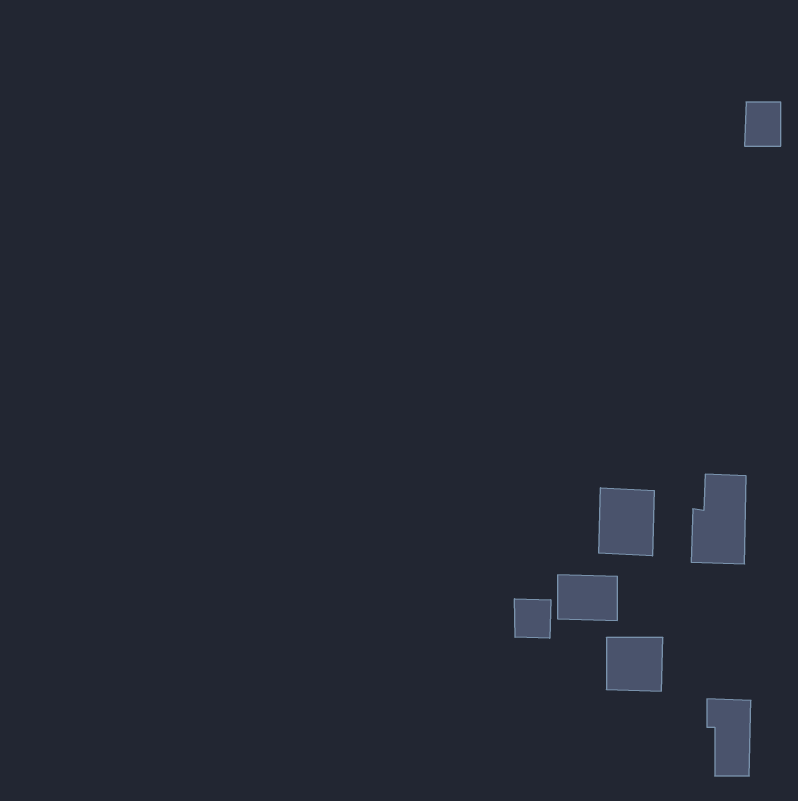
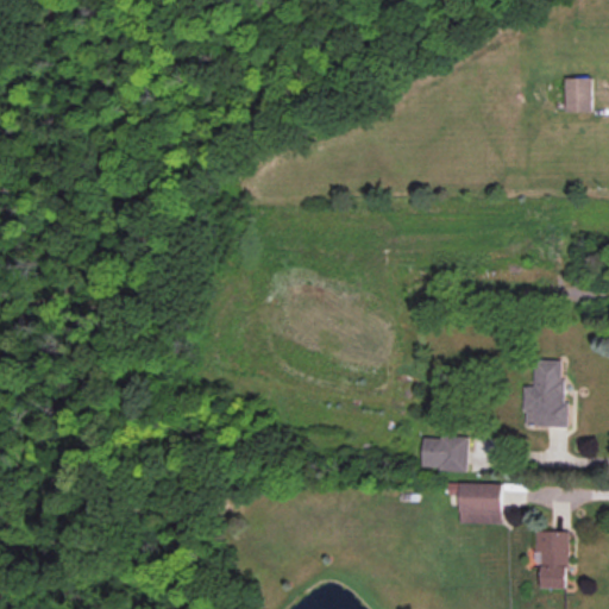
building: [599,488,654,556] -> none
building: [515,599,551,638] -> none

